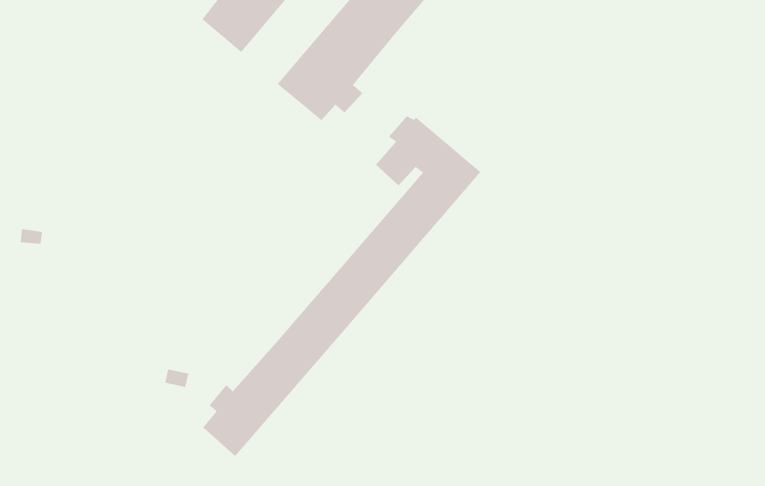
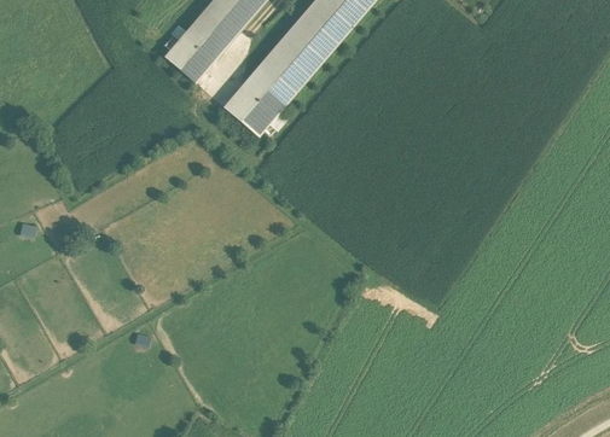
building: [203,116,481,457] -> none

